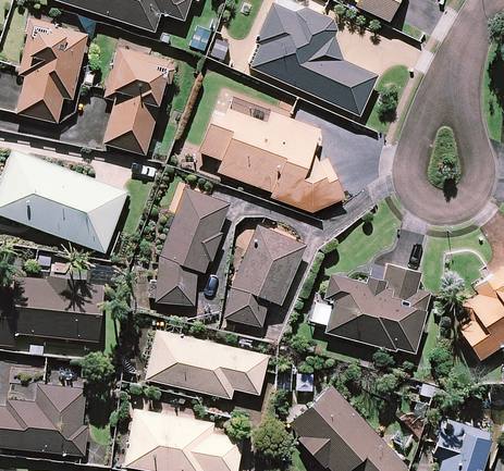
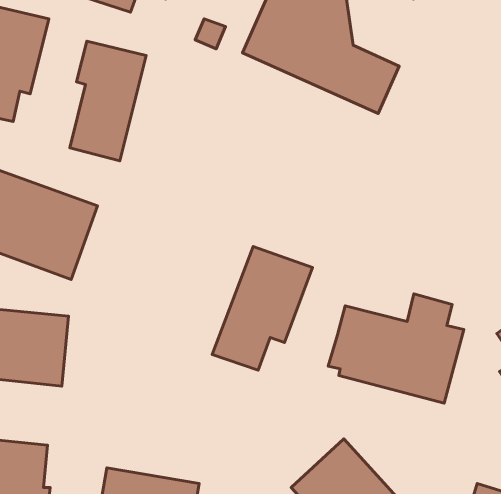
building: [200,106,345,213] -> none
building: [150,189,230,309] -> none
building: [146,331,268,399] -> none

